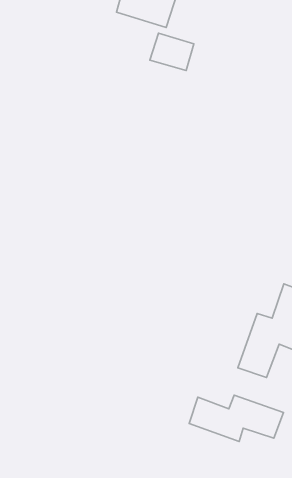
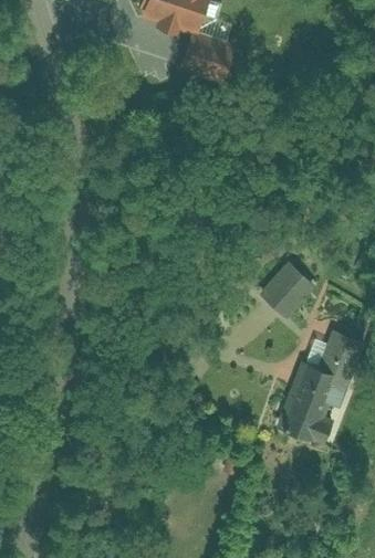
building: none -> [259,263,312,317]
building: [189,395,283,441] -> none

